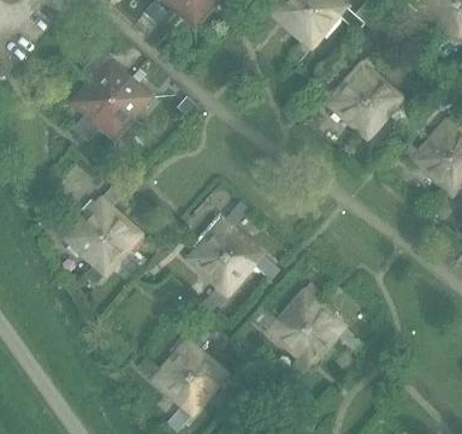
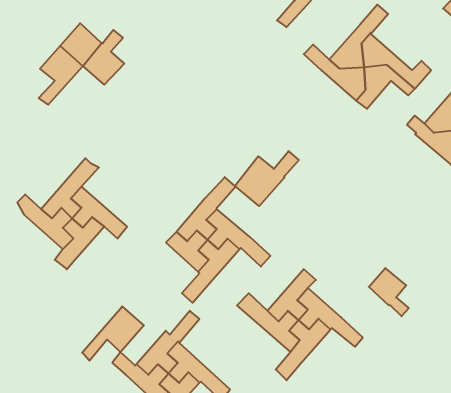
building: [79,100,130,142] -> none
building: none -> [235,151,299,206]
building: none -> [369,268,409,316]
building: none -> [82,306,144,361]

